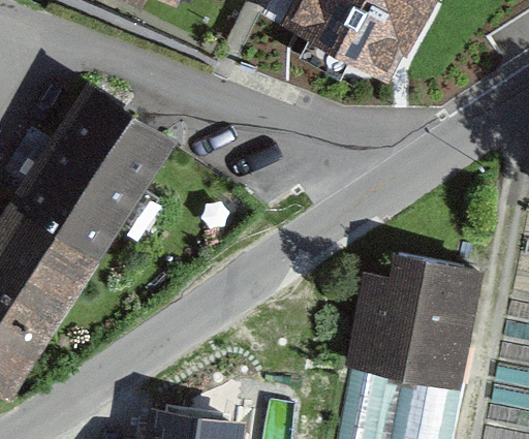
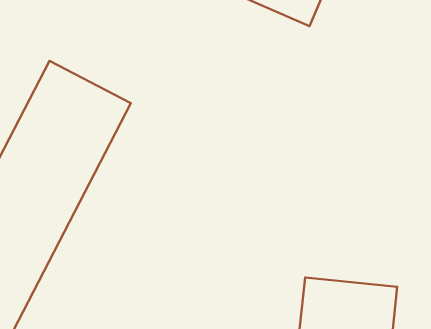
building: [354,246,483,383] -> none

